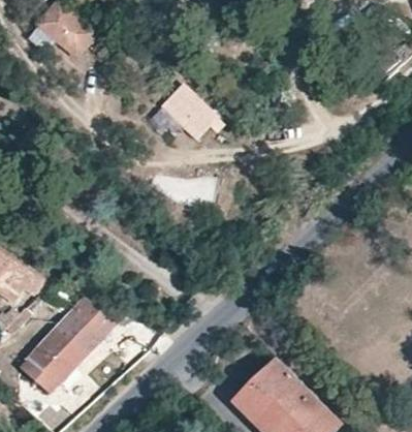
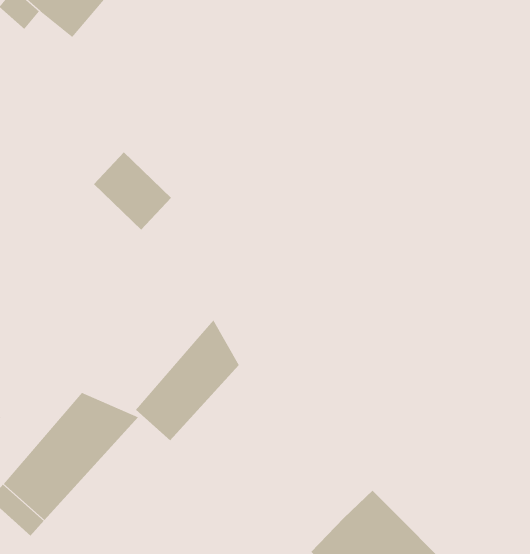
building: [164,85,217,137] -> [93,152,172,230]
building: none -> [135,320,239,441]

